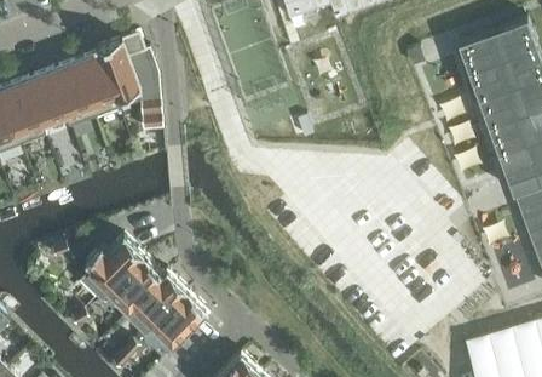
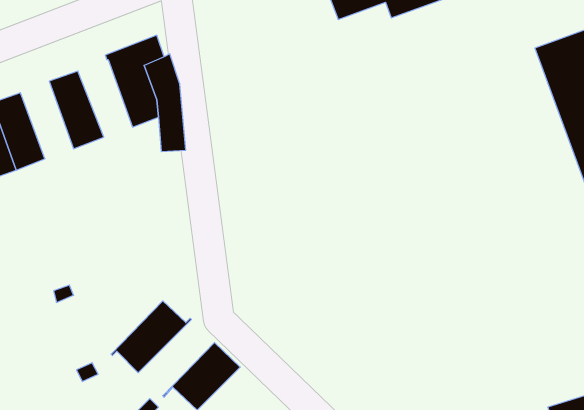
building: [73,52,119,118] -> none
building: [24,70,69,136] -> none
building: [79,235,144,301] -> none
building: [123,272,188,336] -> none

